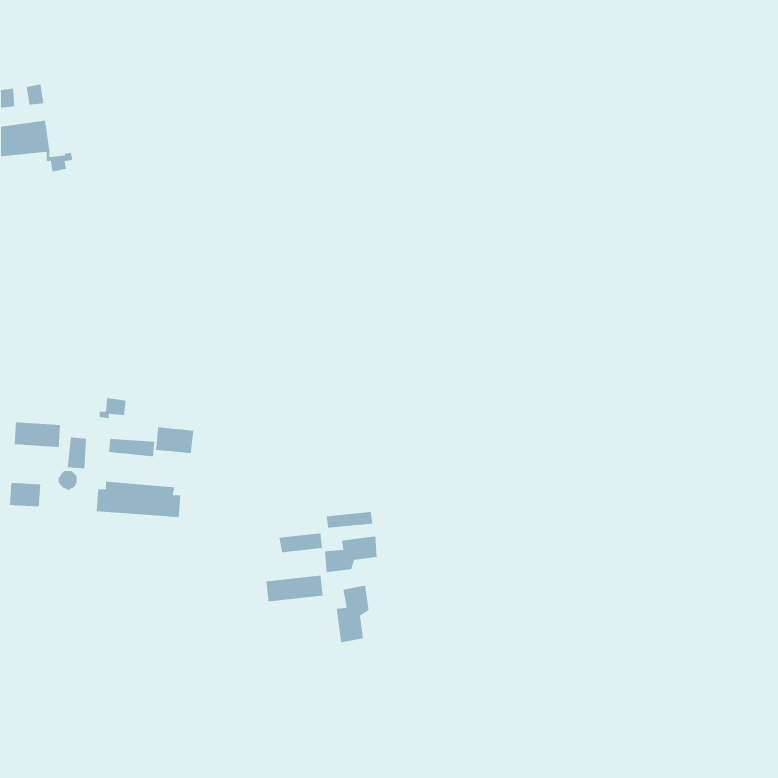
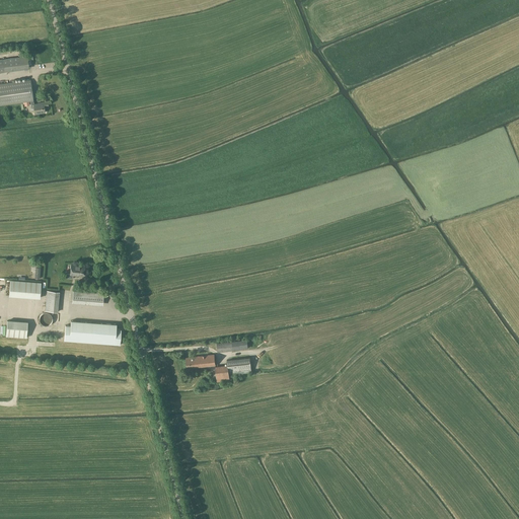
building: [155,426,194,454] -> none
building: [266,575,323,602] -> none
building: [336,585,369,643] -> none

